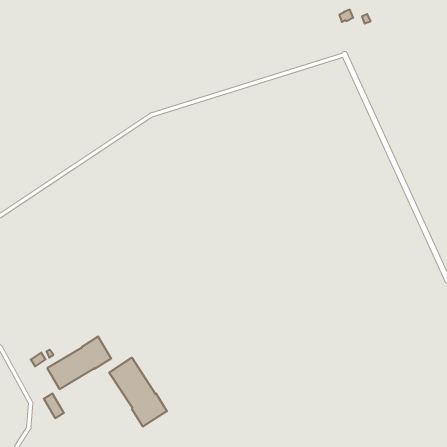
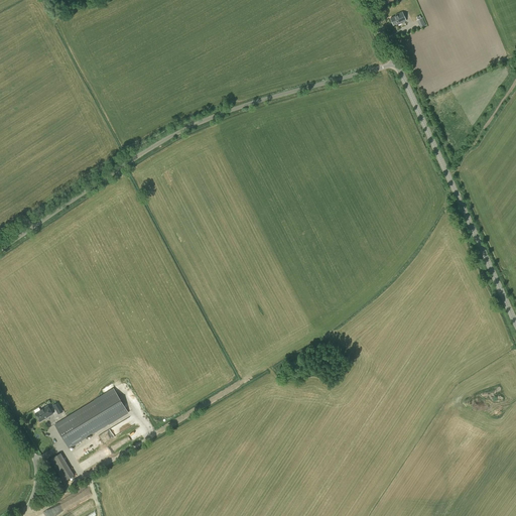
building: [109,358,167,427] -> none

